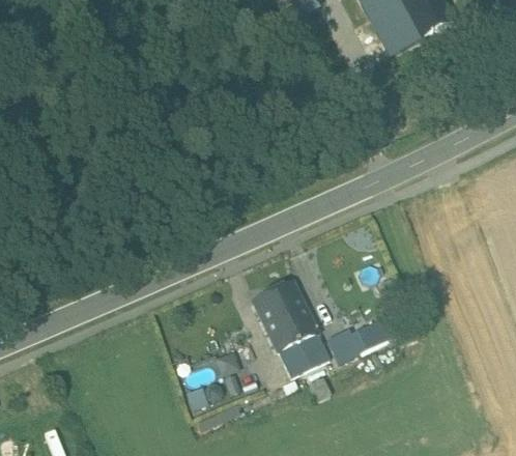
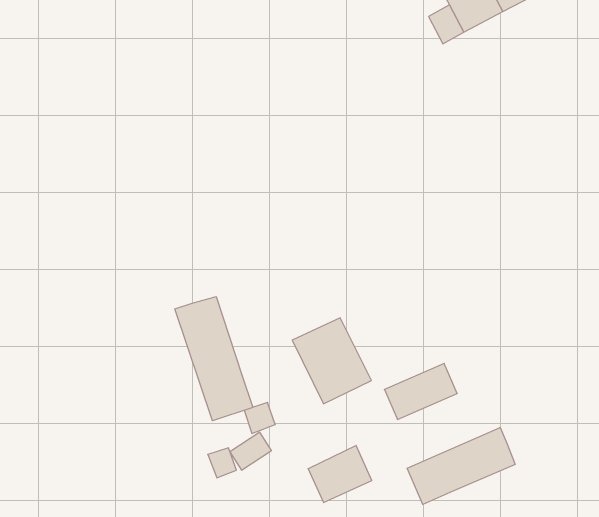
building: none -> [175,297,253,421]
building: [279,333,329,378] -> [308,445,372,503]
building: none -> [407,427,515,504]

